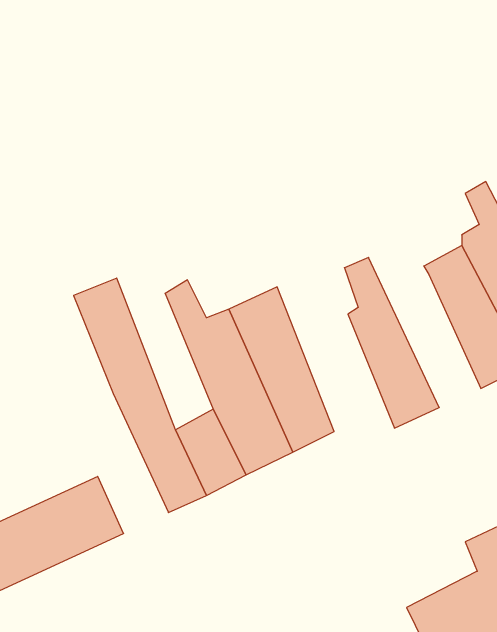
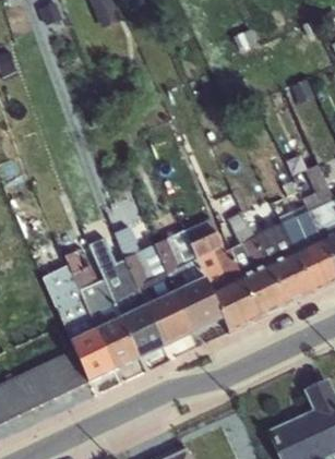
building: none -> [242,206,313,305]
building: none -> [184,217,259,333]
building: none -> [41,268,116,385]

